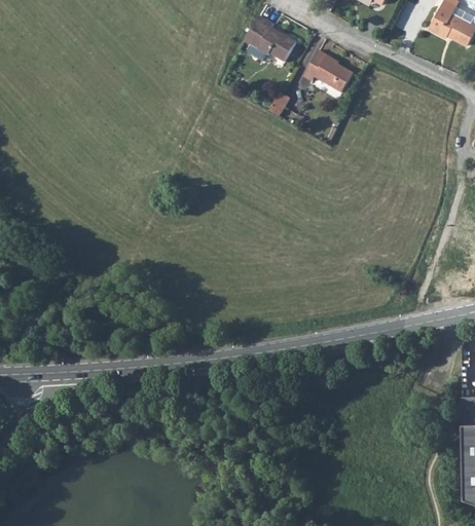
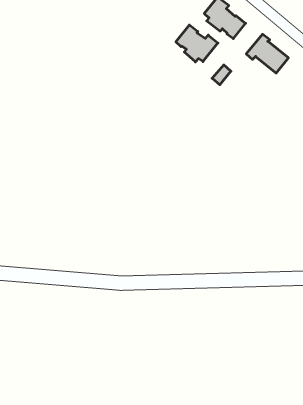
building: none -> [176,25,218,62]

